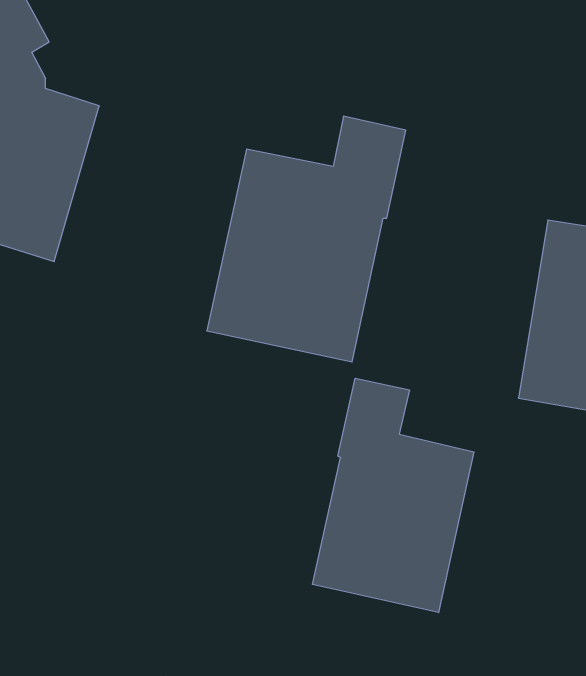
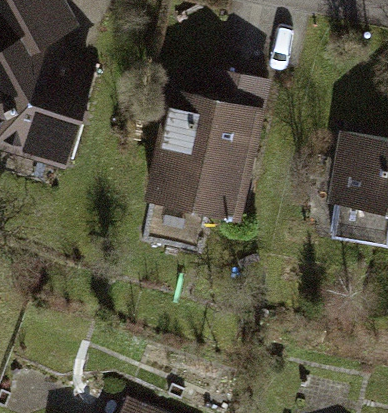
building: [312,378,474,613] -> none

